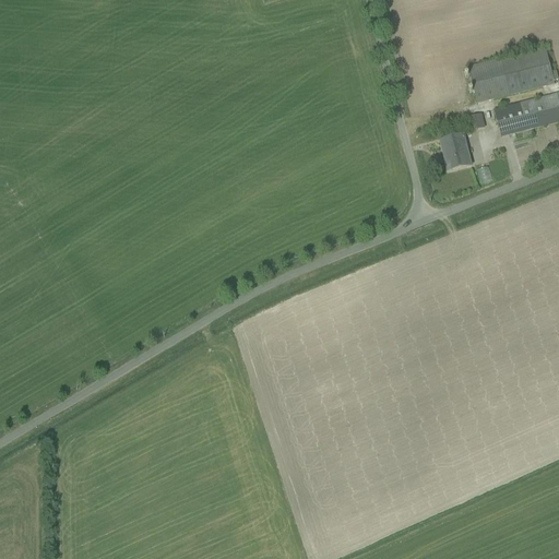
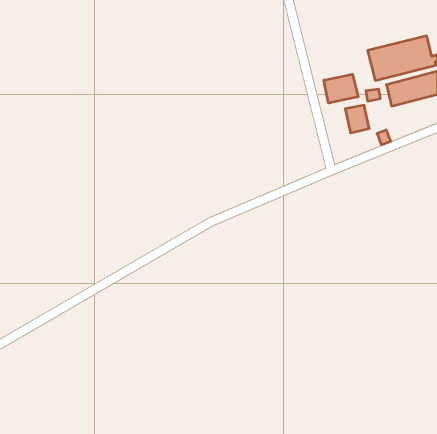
building: none -> [324,74,358,103]

